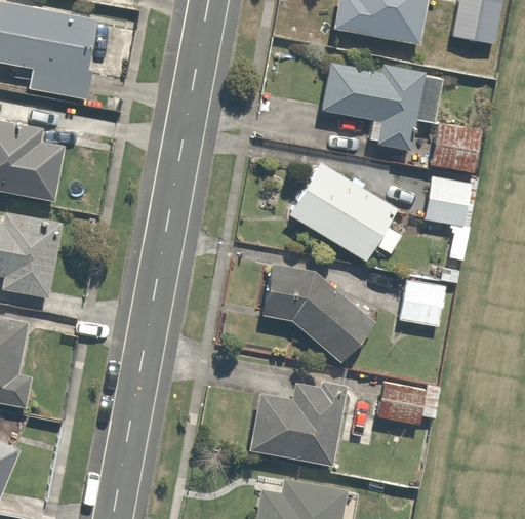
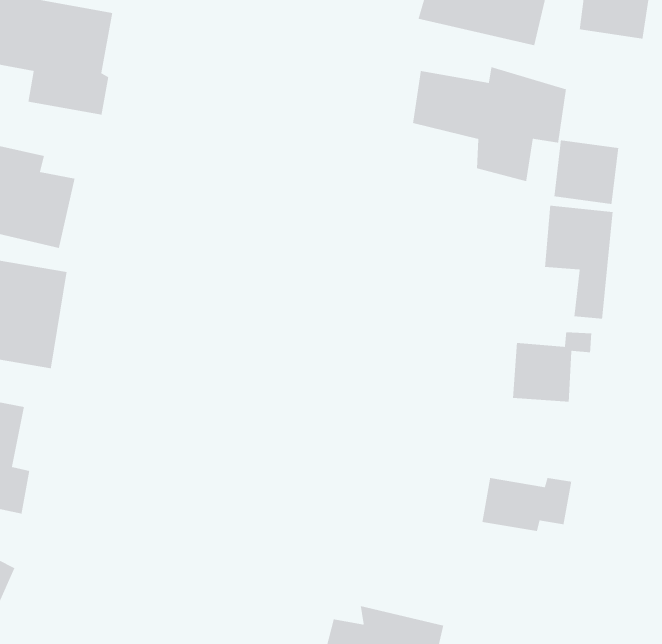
building: [286,162,402,263] -> none
building: [262,266,376,364] -> none
building: [247,382,350,468] -> none

